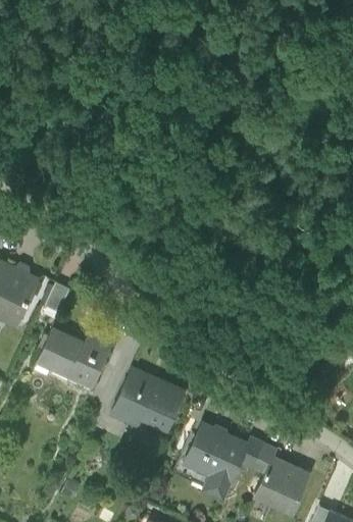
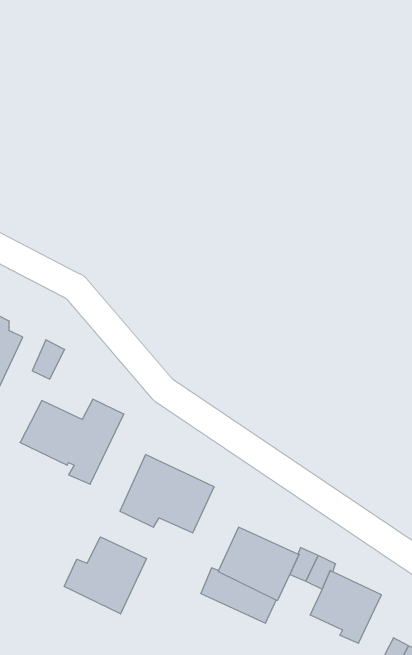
building: none -> [64,537,147,614]

